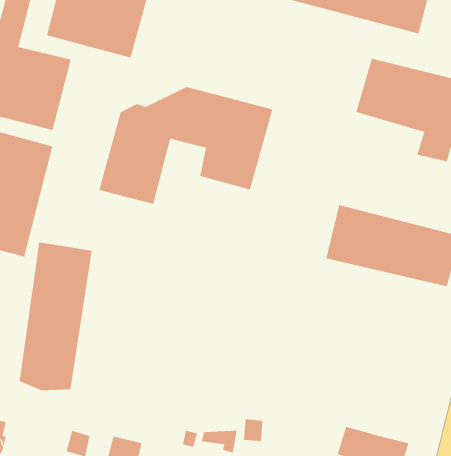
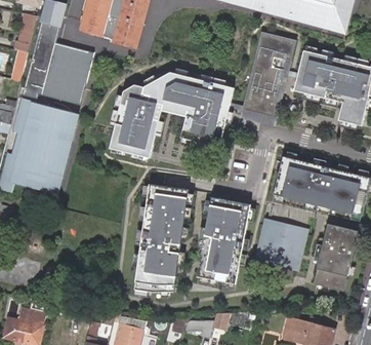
building: none -> [244,32,298,117]
building: [19,242,92,391] -> [136,184,190,292]
building: none -> [198,196,251,283]
building: none -> [258,219,305,268]
building: none -> [313,225,359,292]

